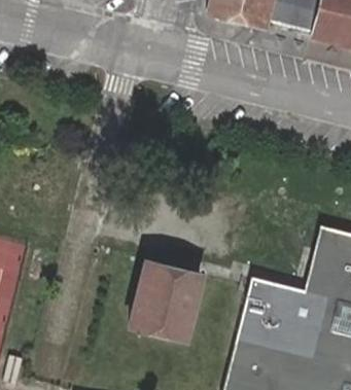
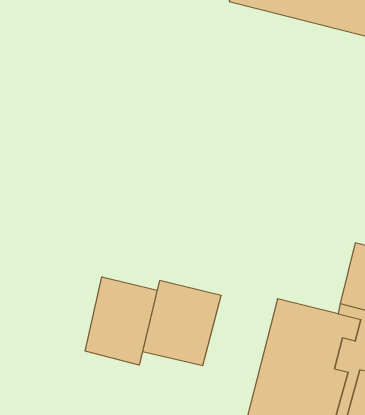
building: none -> [85,277,157,365]

